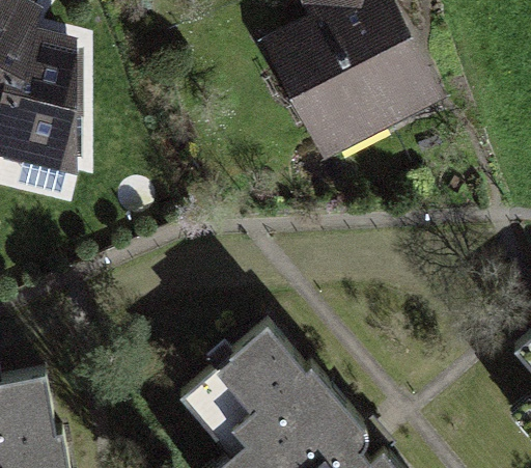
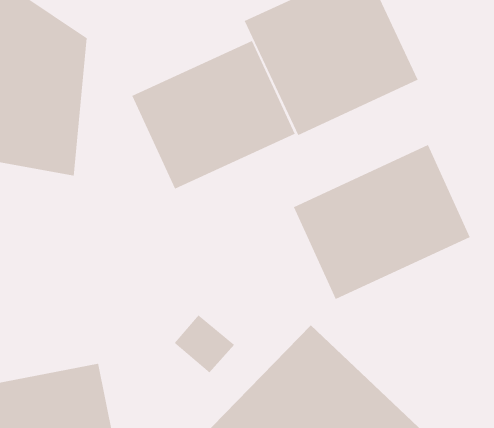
building: none -> [131,40,296,189]
building: none -> [293,144,470,300]

